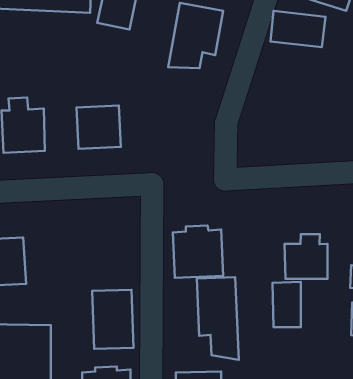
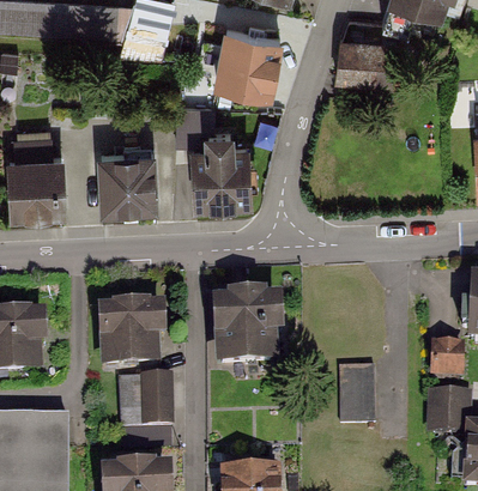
building: none -> [177,108,250,201]
building: none -> [105,307,163,362]
building: [284,234,328,279] -> none
building: [197,277,239,360] -> none

